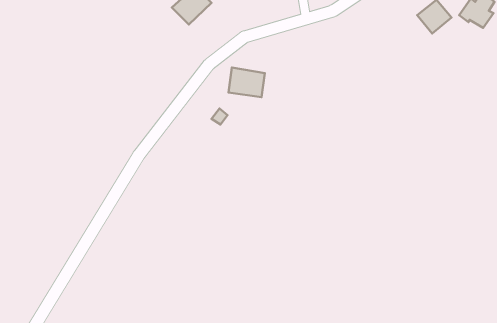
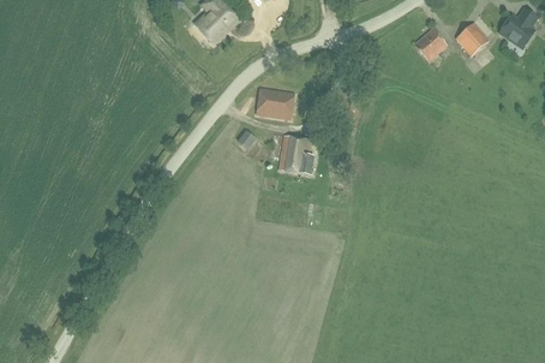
building: none -> [413,28,447,61]
building: none -> [279,135,313,174]

